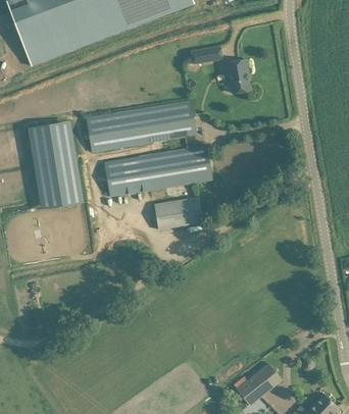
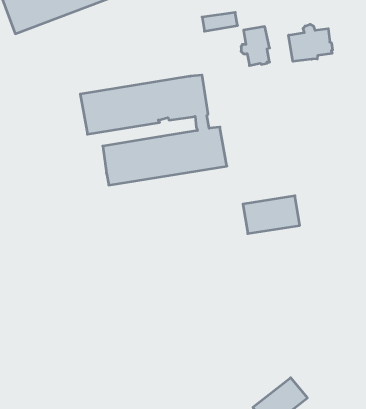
building: none -> [289,24,332,61]
building: [28,120,86,206] -> none
building: [153,196,202,228] -> [243,196,300,234]

